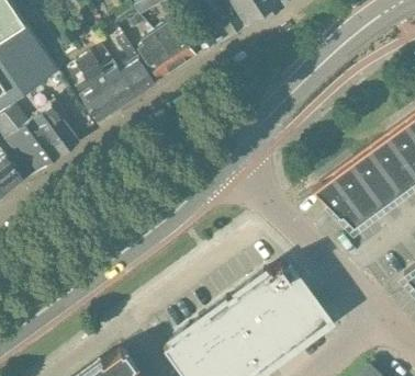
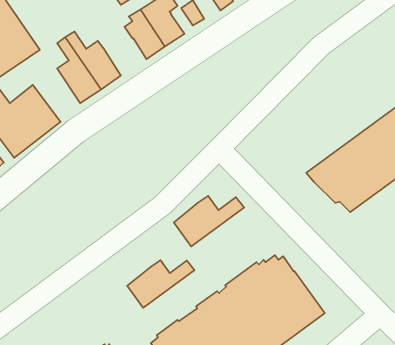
building: [117,41,156,98] -> none
building: none -> [174,196,244,247]
building: none -> [127,260,194,308]

